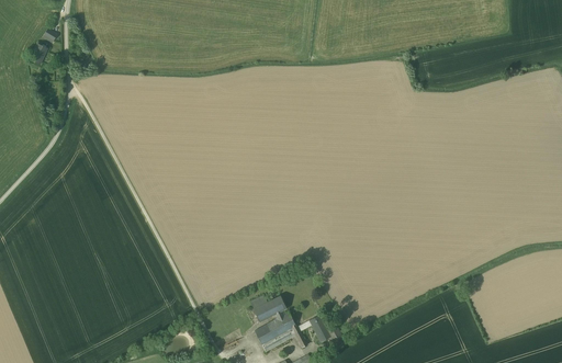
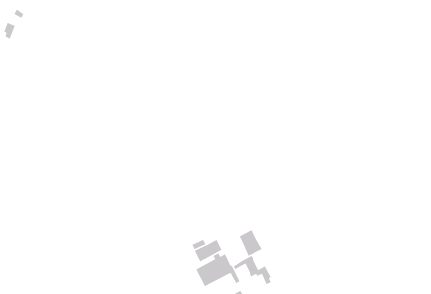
building: none -> [239,229,262,257]

